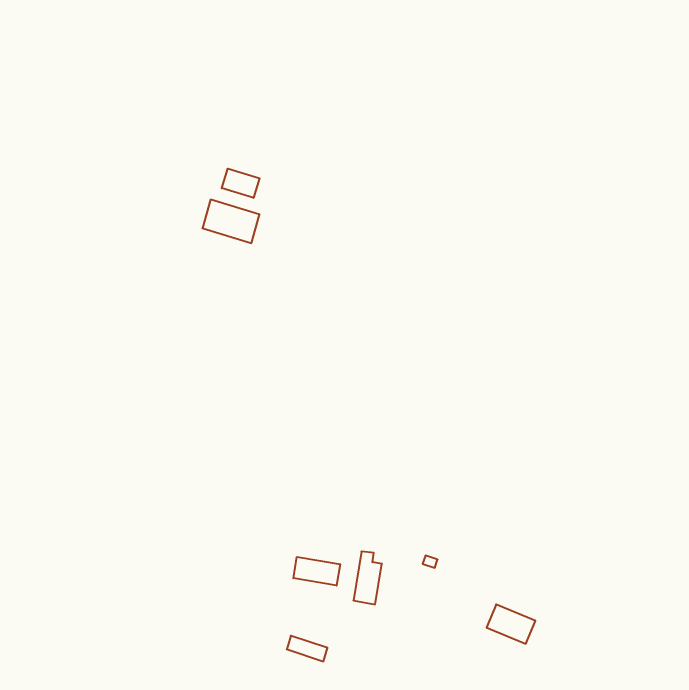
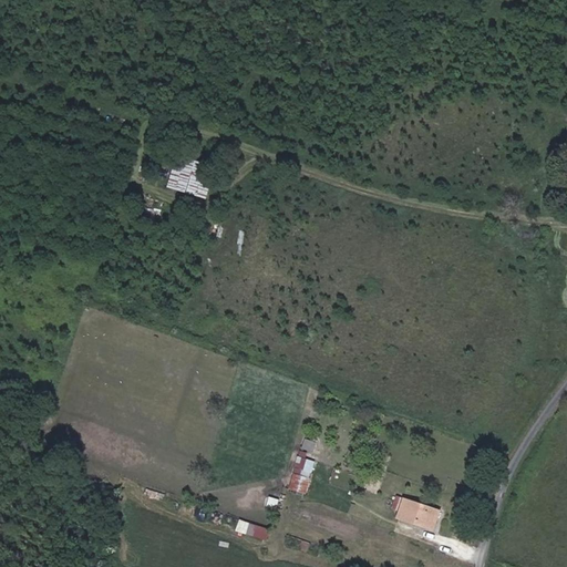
building: [222,169,260,198] -> none
building: [293,557,340,586] -> none

